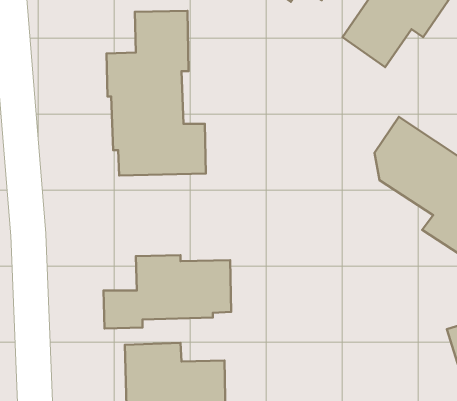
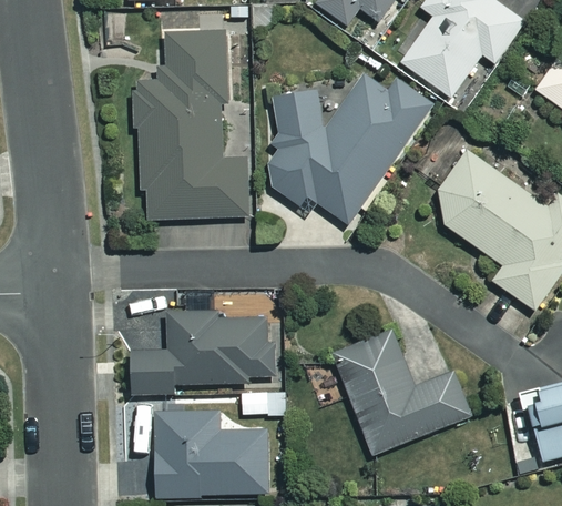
building: none -> [268,70,432,224]
building: none -> [334,331,468,453]

